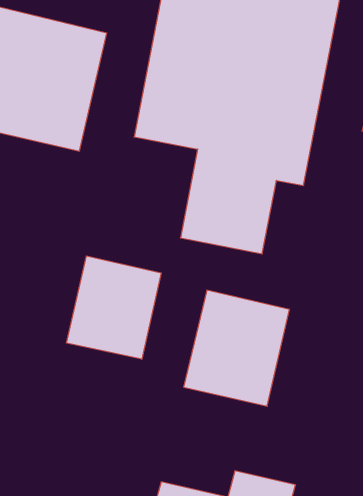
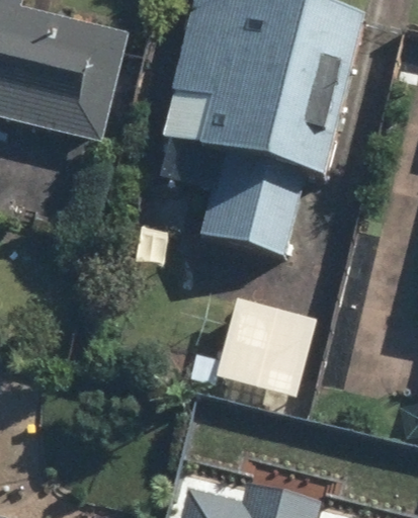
building: [67,256,161,359] -> none

